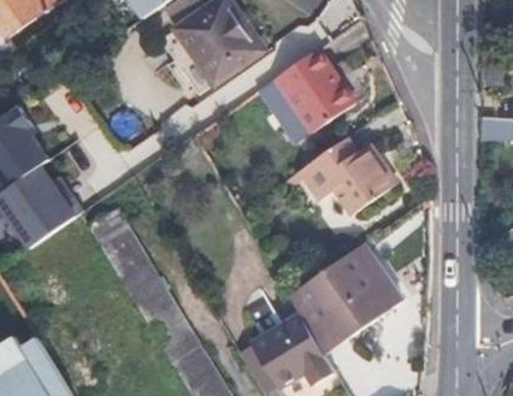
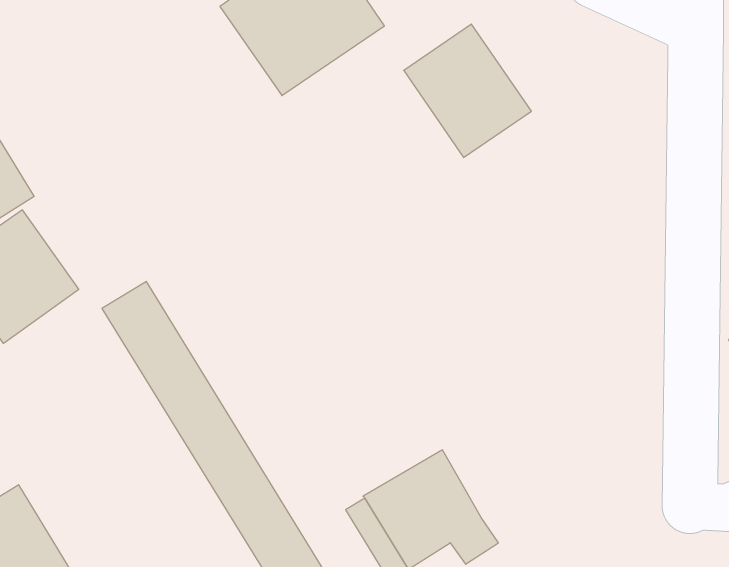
building: [299,130,397,214] -> none
building: [289,243,403,355] -> none

